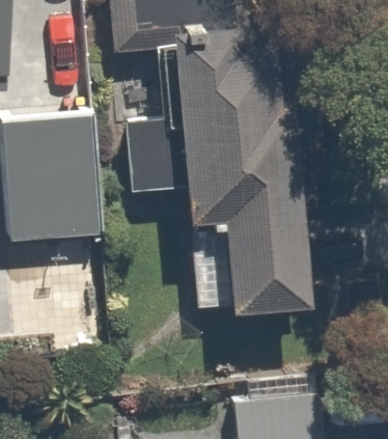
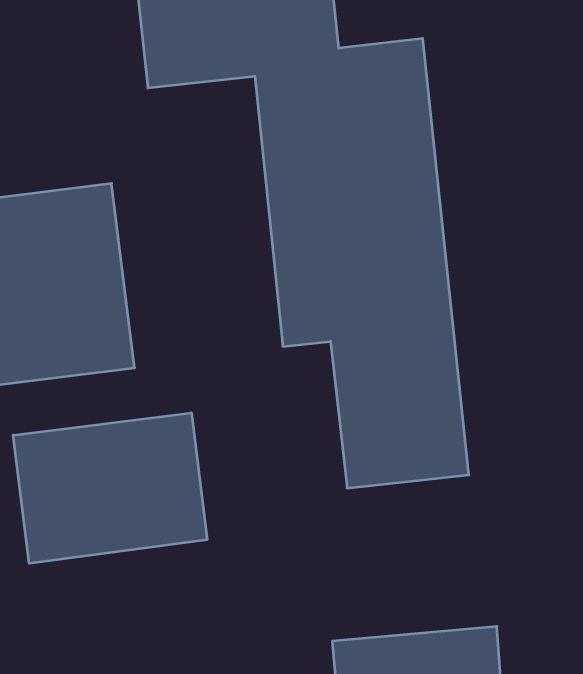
building: none -> [13,413,207,563]

